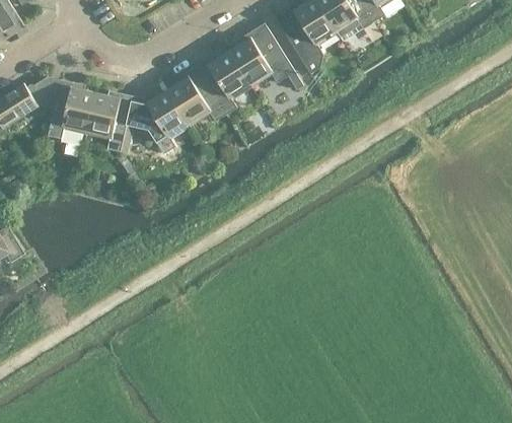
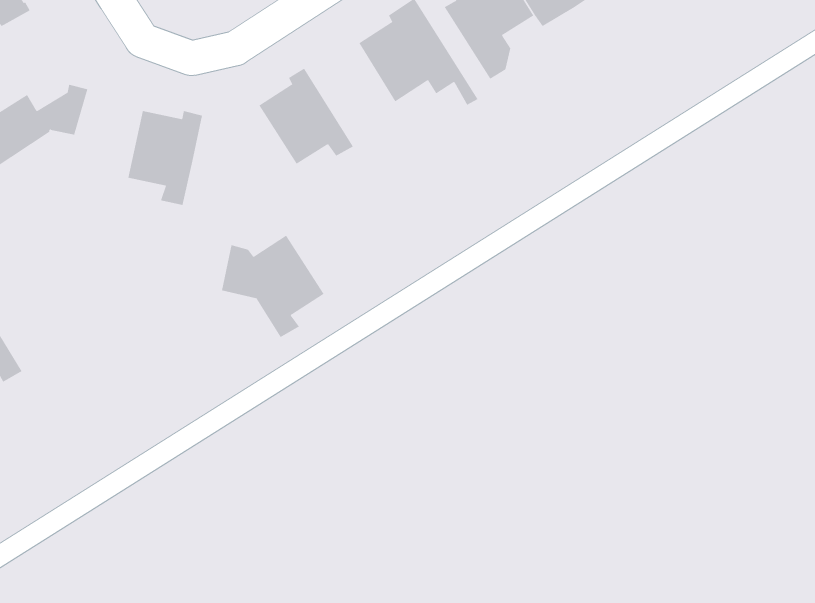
building: [195,51,250,115] -> none
building: [47,79,94,138] -> none
building: [126,89,190,153] -> [221,235,324,338]

